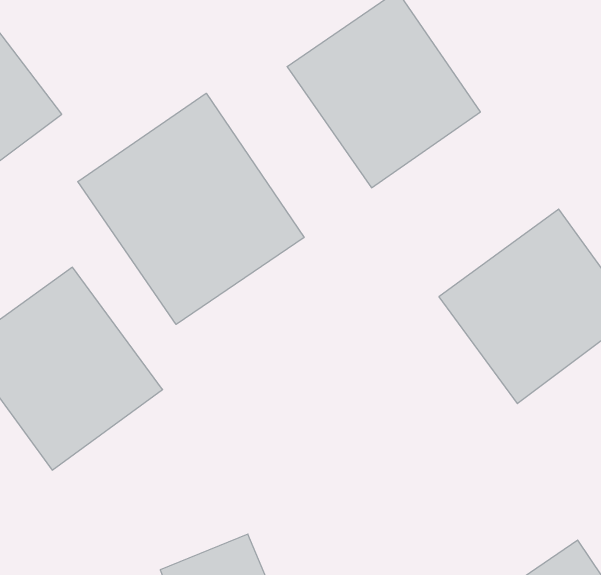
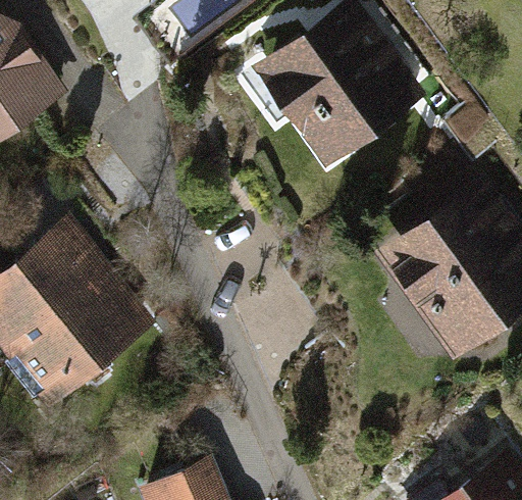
building: [78,93,304,324] -> none

